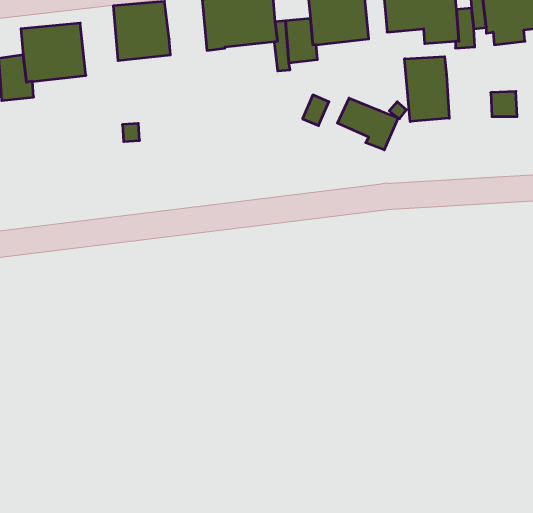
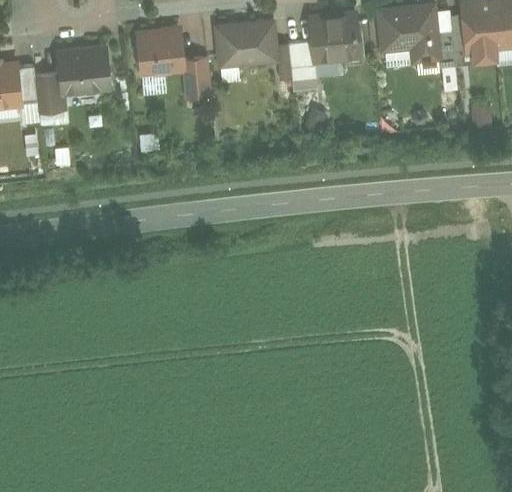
building: none -> [181,58,211,103]
building: [405,57,449,122] -> none
building: [337,98,398,150] -> none

